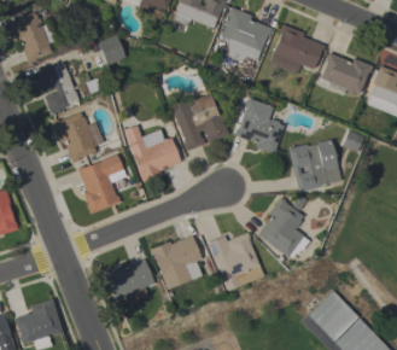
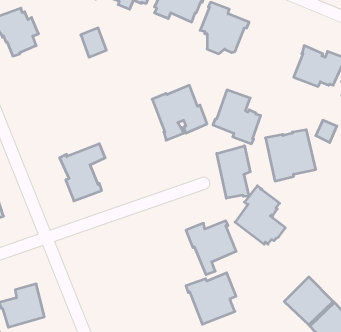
building: [268,24,325,74] -> none
building: [34,62,78,113] -> none
building: [51,111,103,163] -> none
building: [133,128,180,181] -> none
building: none -> [217,146,250,198]
building: [148,234,200,287] -> [186,273,236,324]
building: [103,258,153,303] -> none

